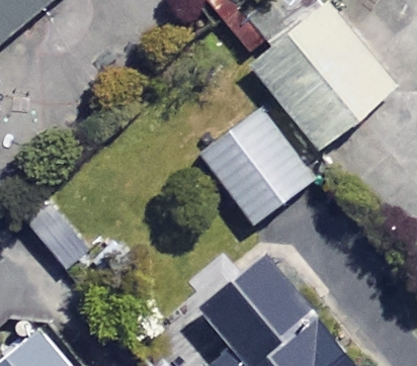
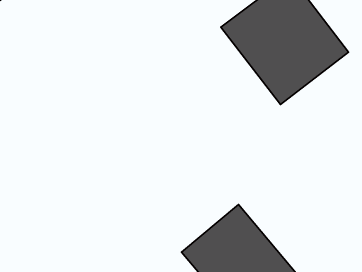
building: [198,105,311,222] -> none

